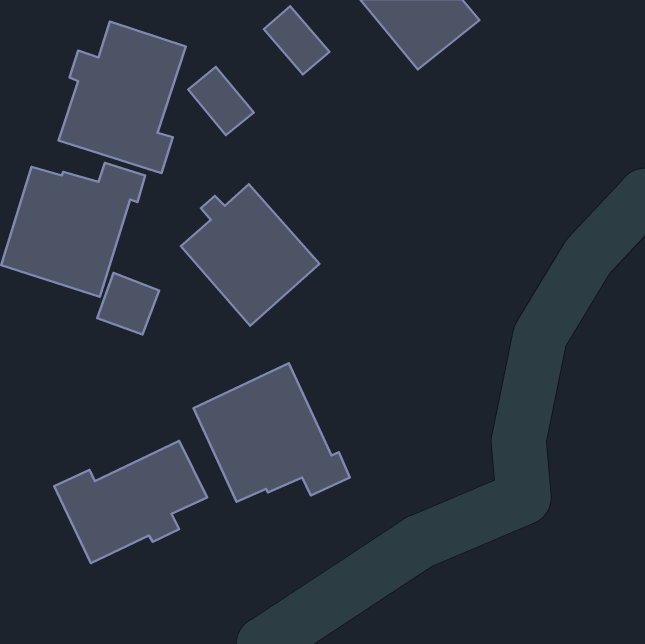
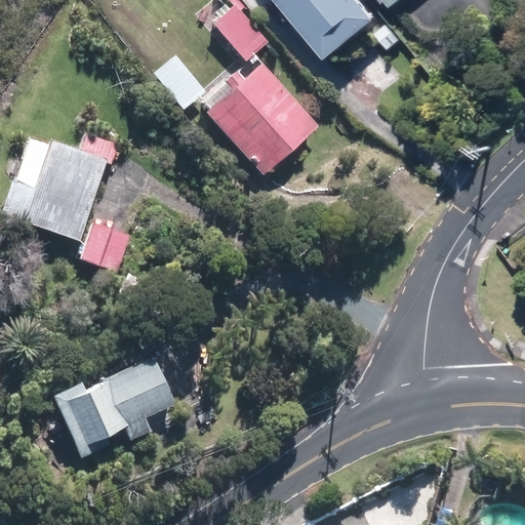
building: [59,21,186,173] -> none
building: [181,184,320,326] -> [207,62,320,176]
building: [194,363,350,502] -> none

